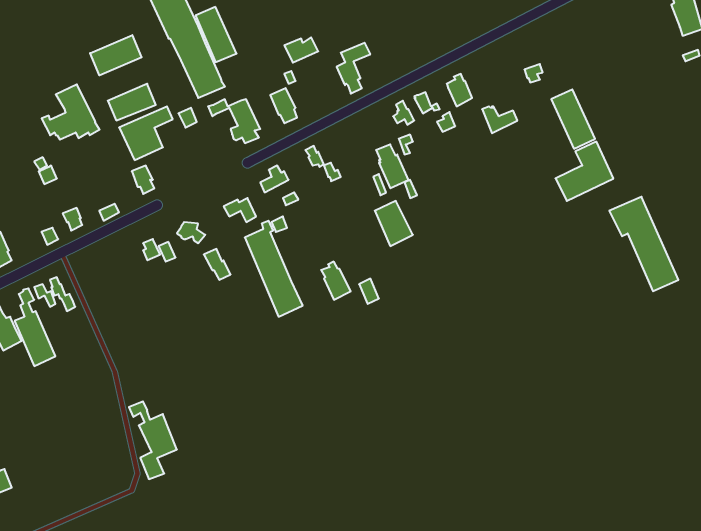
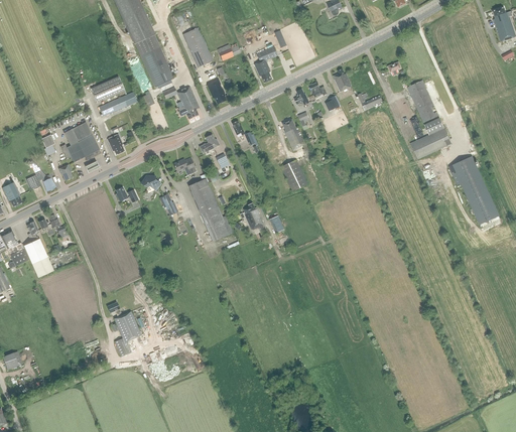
building: [196,7,237,62] -> [183,27,213,66]
building: [90,35,142,75] -> none
building: [42,84,100,140] -> [60,122,102,161]

